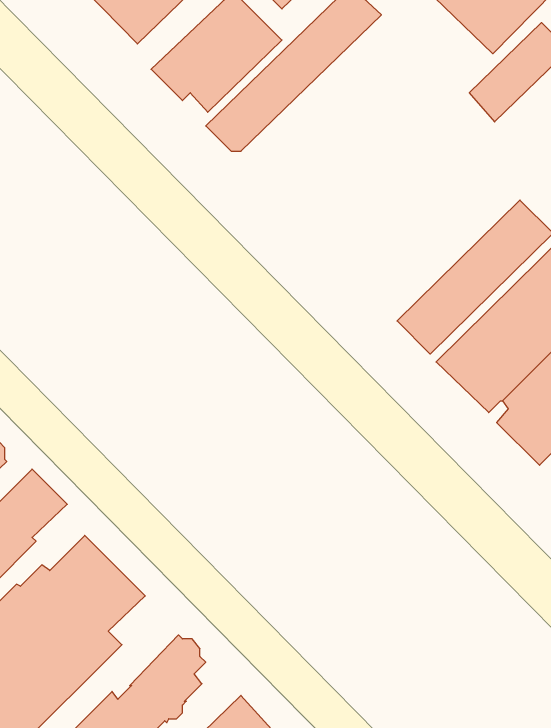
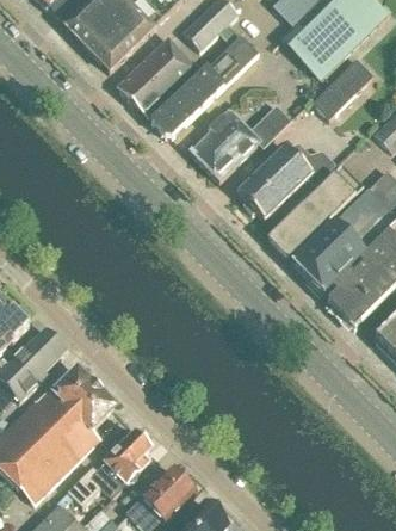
building: none -> [191,103,292,179]
building: none -> [236,149,305,217]

